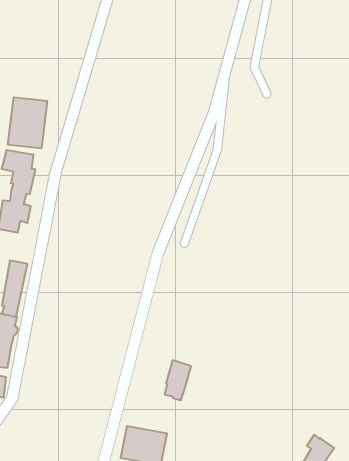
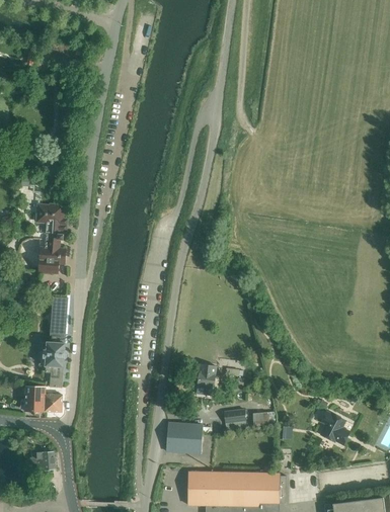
building: [8,97,47,148] -> none
building: none -> [225,409,274,428]

